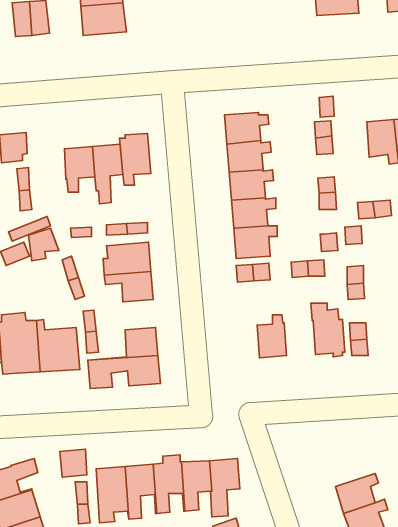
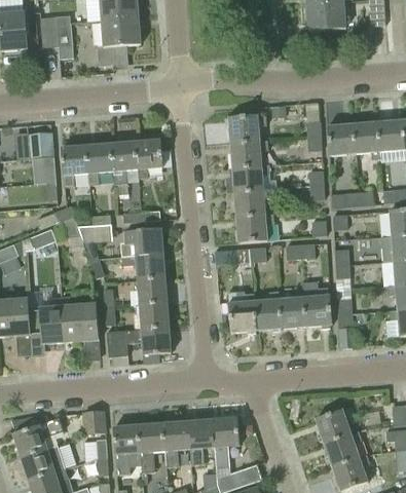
building: none -> [326,122,355,155]
building: none -> [61,146,87,187]
building: none -> [138,278,167,305]
building: none -> [229,293,258,334]
building: none -> [280,297,307,328]
building: none -> [316,409,360,443]

